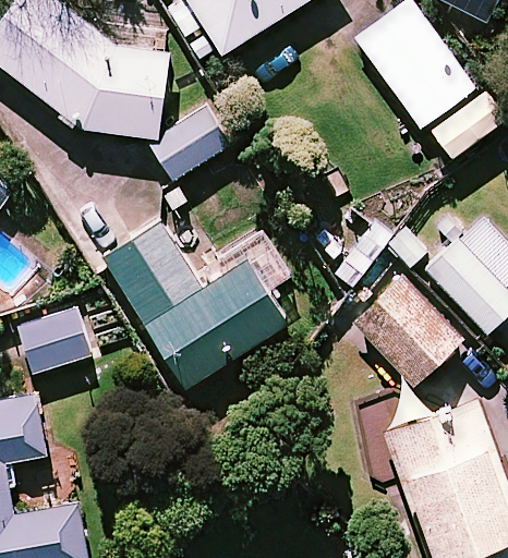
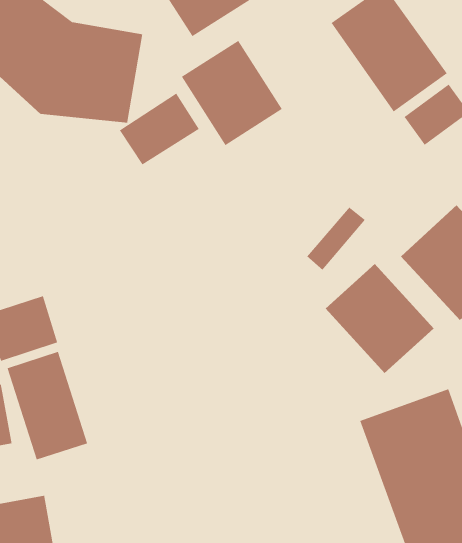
building: none -> [181,40,283,146]
building: [102,221,285,414] -> none
building: none -> [7,351,88,461]

